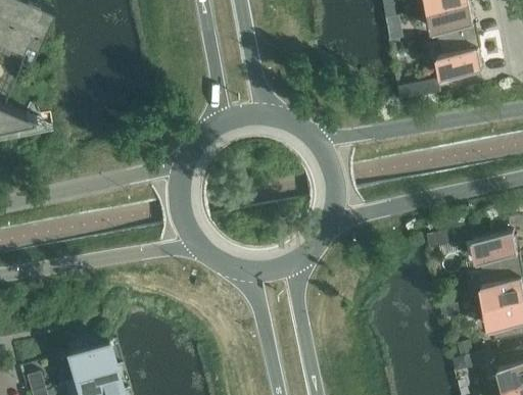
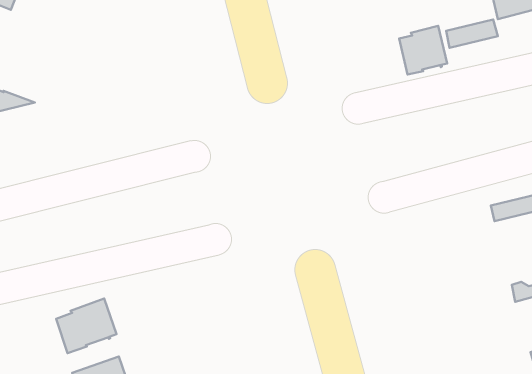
building: none -> [399,26,447,75]
building: none -> [56,298,117,353]

